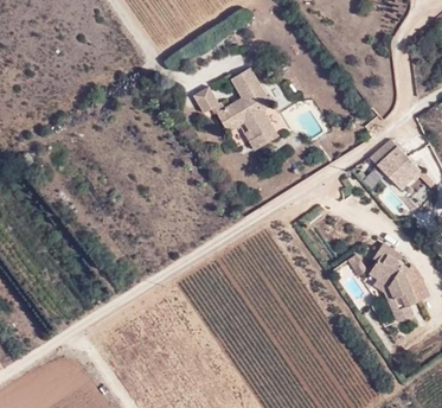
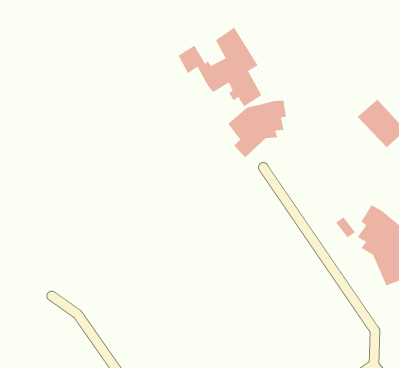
building: none -> [227,100,287,158]

